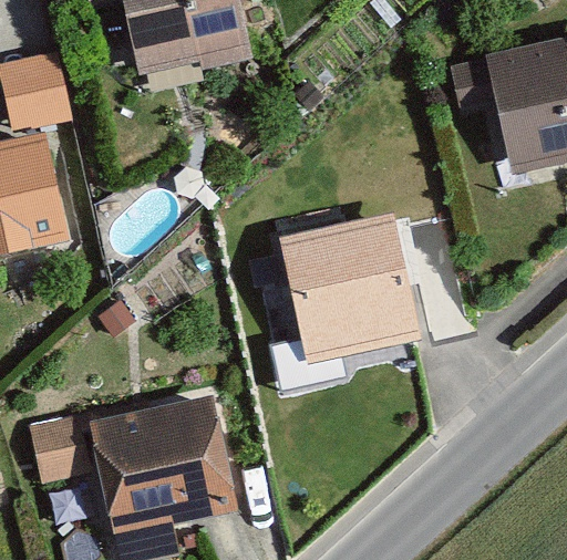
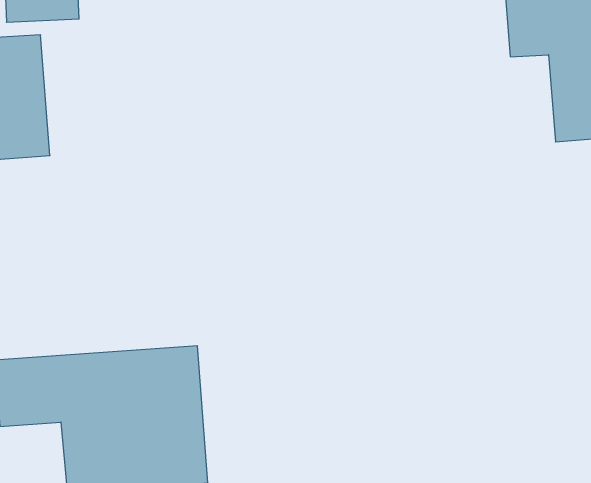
building: [277,216,449,364] -> none

